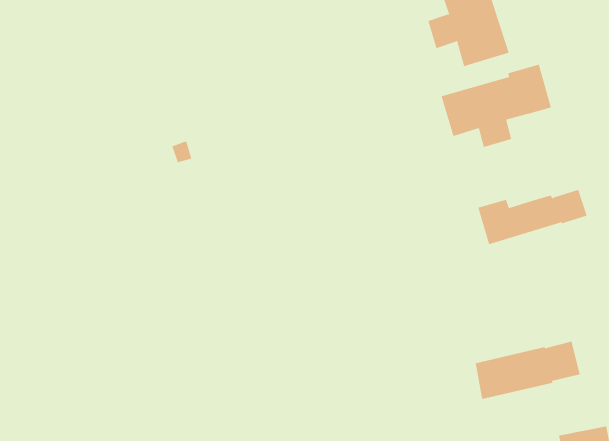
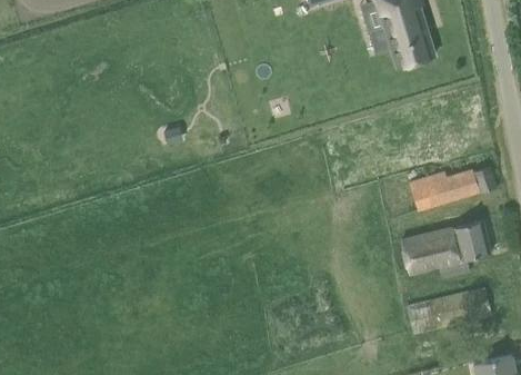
building: [441,64,552,148] -> none
building: none -> [401,219,491,277]

